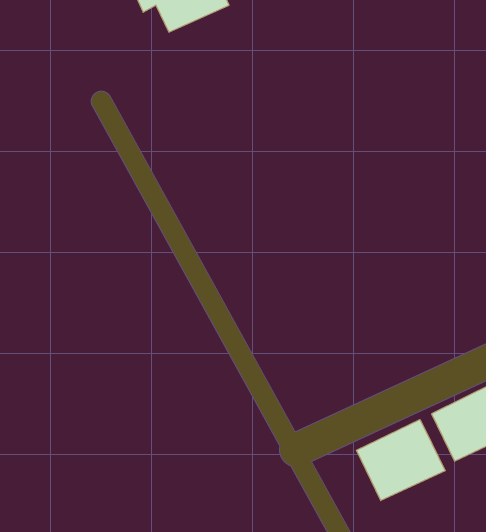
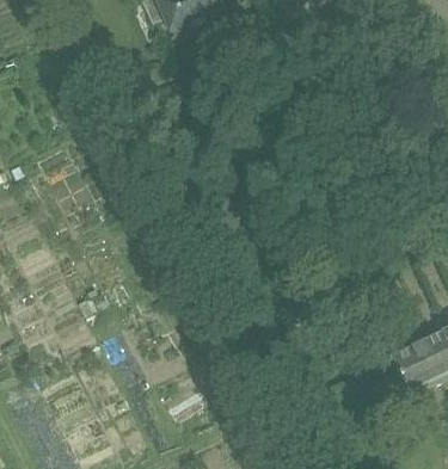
building: [357,420,445,501] -> none

